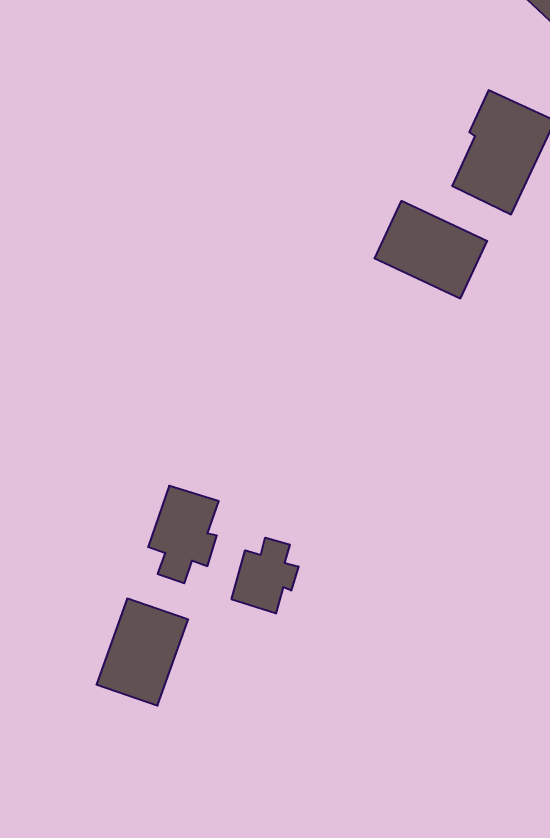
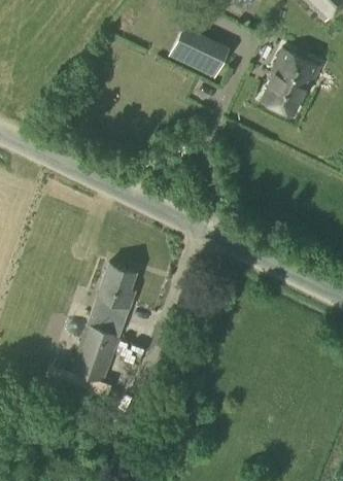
building: [374,201,487,298] -> [169,25,230,77]
building: [232,538,299,614] -> none

